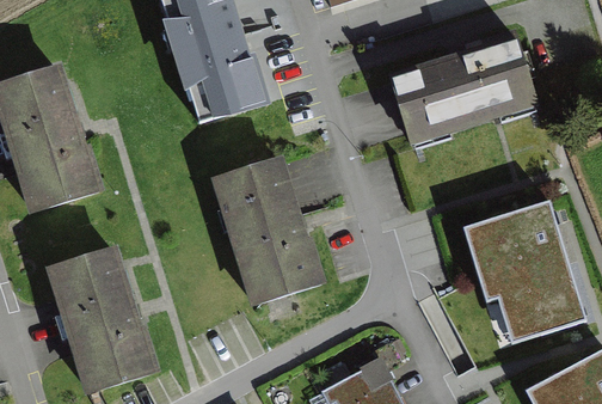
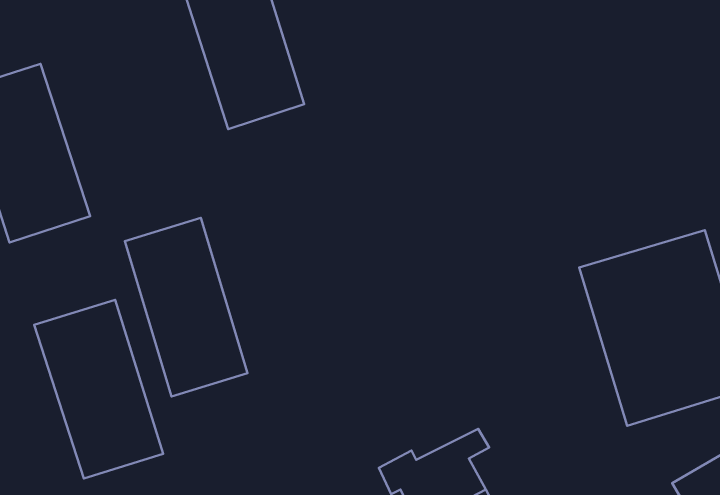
building: [392,39,533,140] -> none
building: [217,163,312,300] -> [125,218,248,396]

